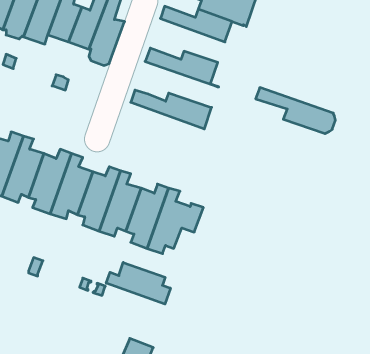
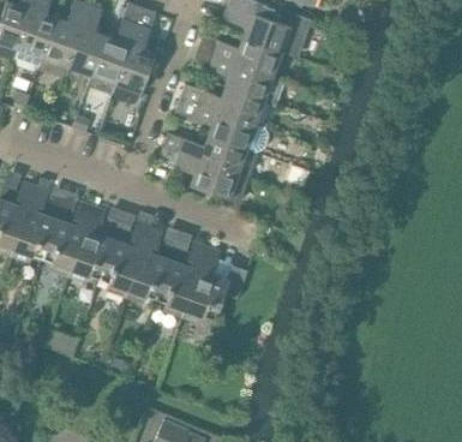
building: none -> [191,47,282,104]
building: [256,88,335,134] -> [174,97,268,151]
building: none -> [157,145,248,202]
building: [106,262,170,304] -> none

